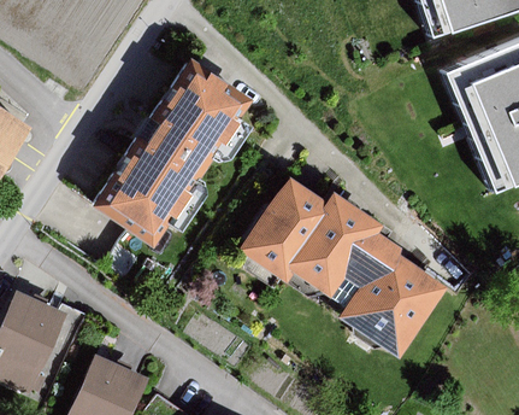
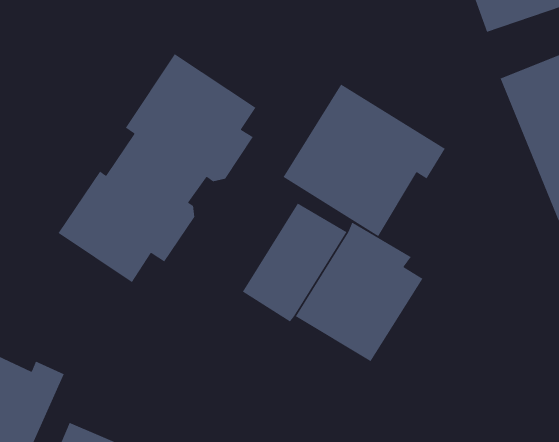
building: none -> [283,83,446,237]
building: [337,239,446,357] -> none

